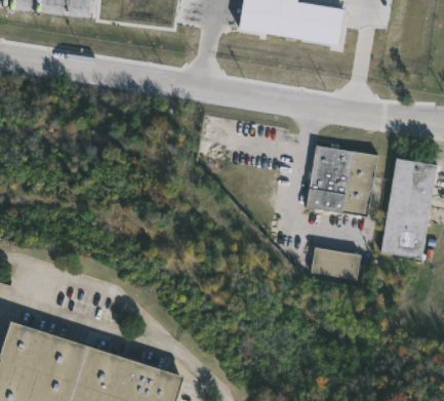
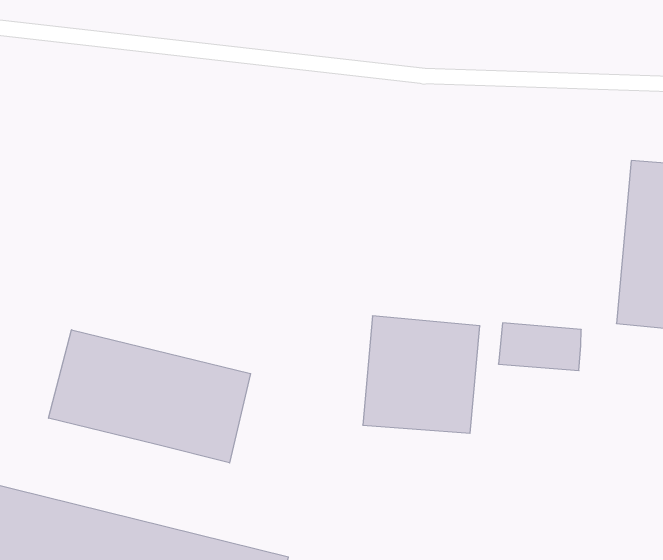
building: [307,147,378,218] -> [363,316,480,433]
building: none -> [49,330,251,463]

